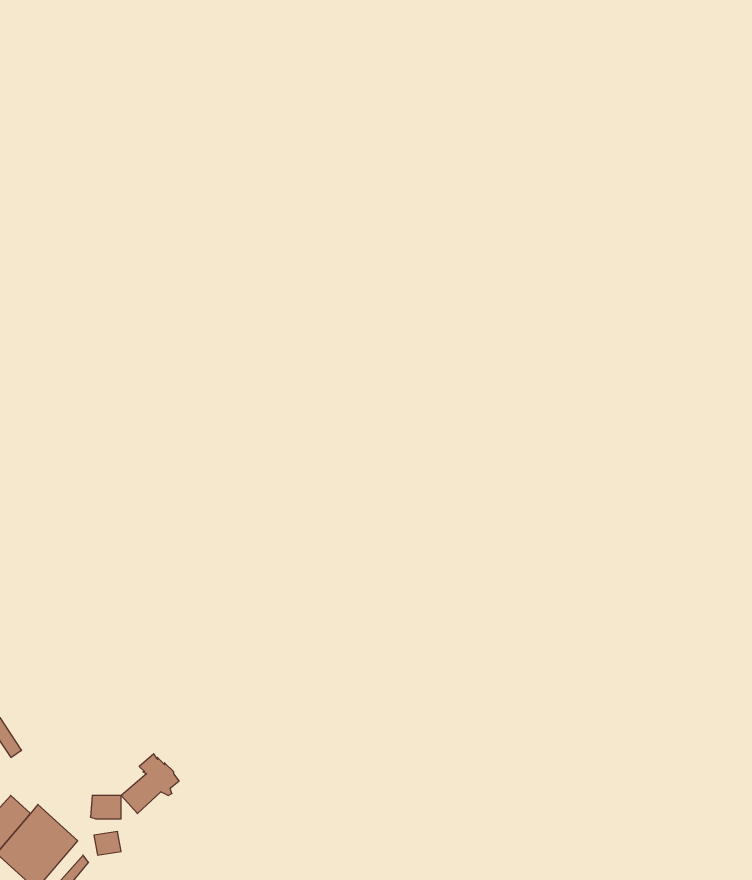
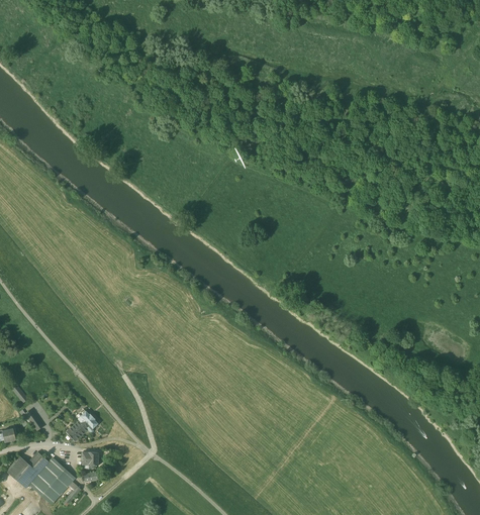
building: [121,754,179,814] -> [66,408,98,441]

